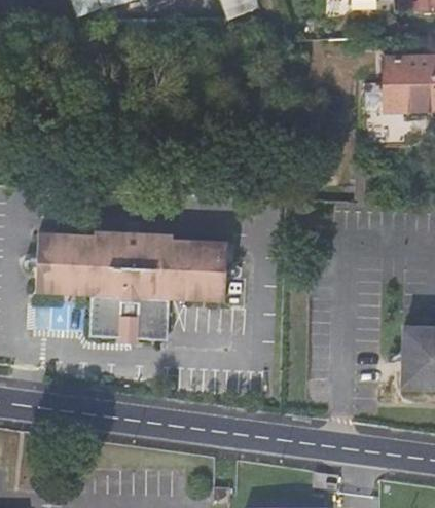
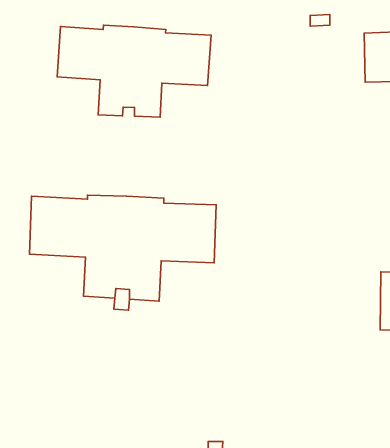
building: none -> [57,25,211,117]

